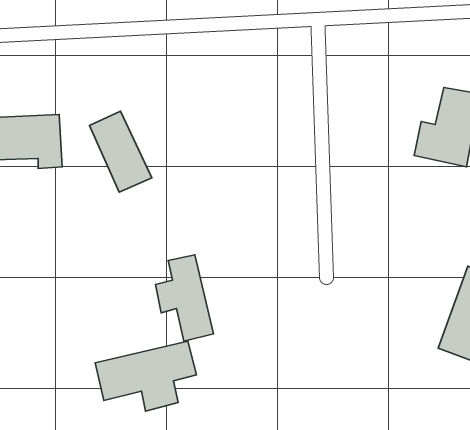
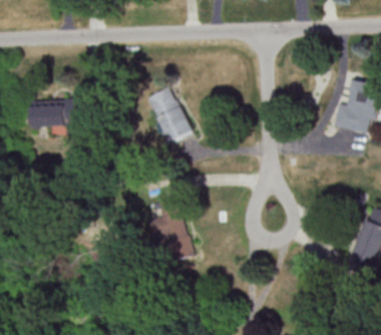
building: [89,111,152,192] -> [147,86,192,143]
building: [95,341,196,411] -> none

